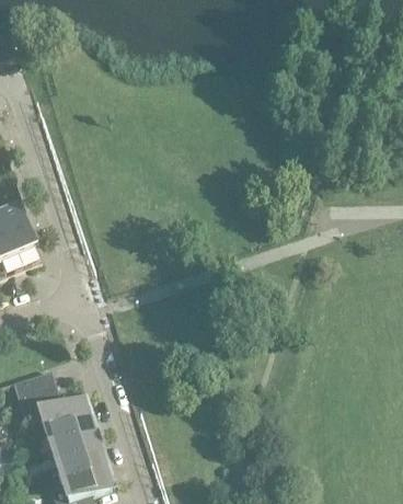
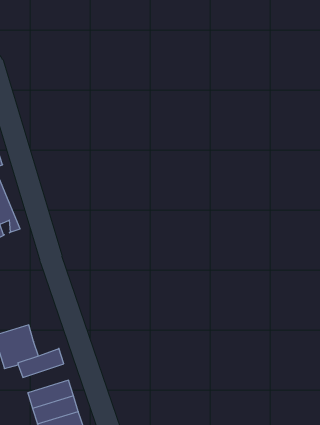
building: [44,412,95,445] -> none

